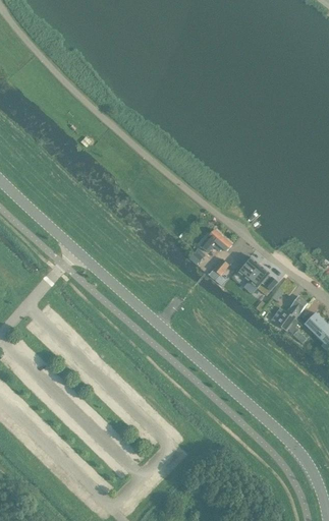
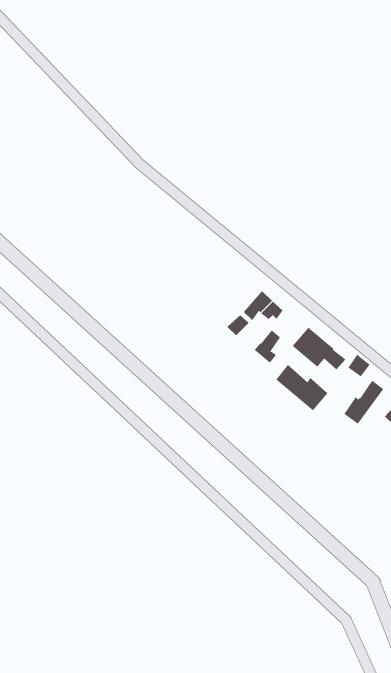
building: none -> [276,364,328,411]

